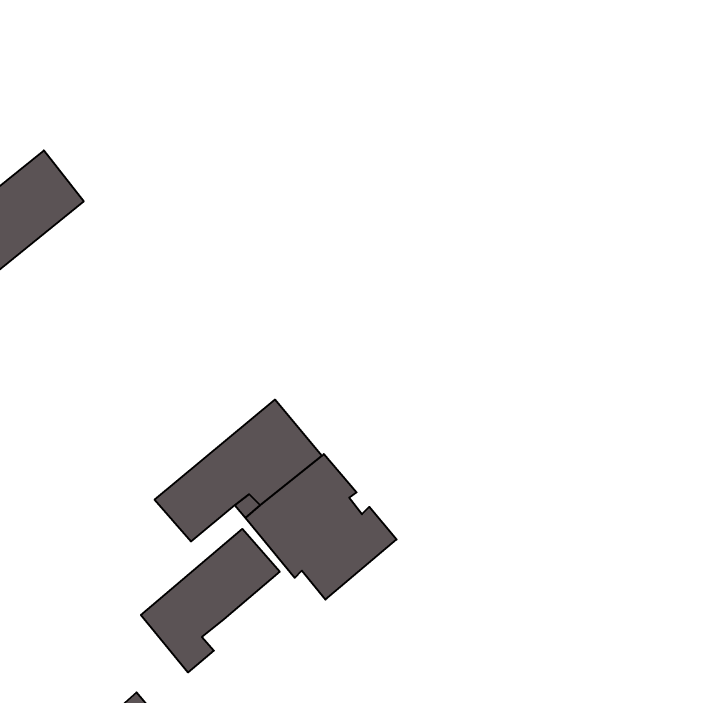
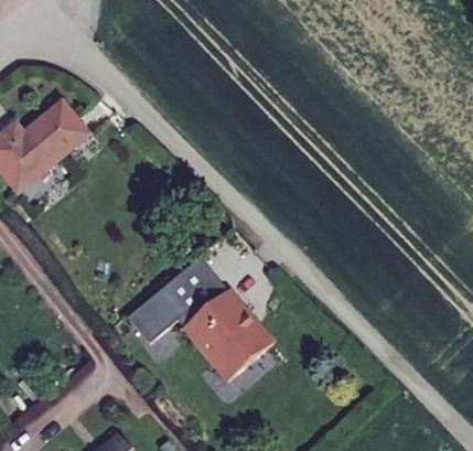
building: [141,529,280,672] -> none

